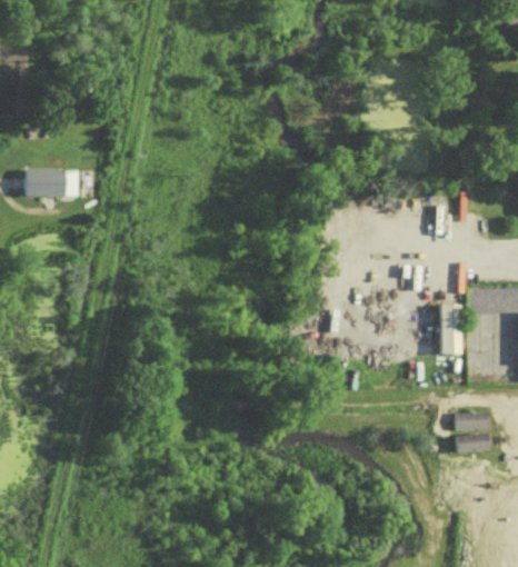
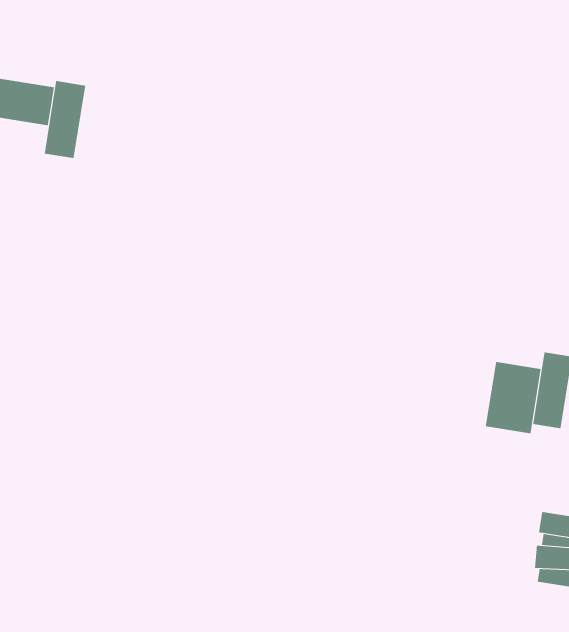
building: none -> [44,80,86,159]
building: none -> [485,361,541,434]

